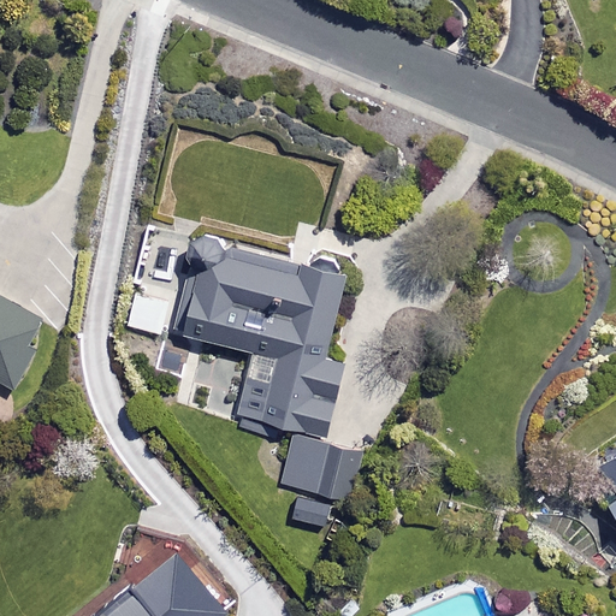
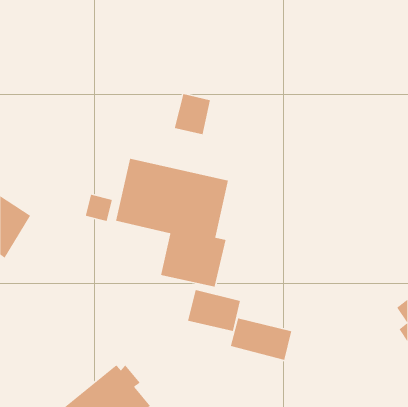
building: none -> [174,93,211,135]
building: none -> [230,317,292,361]

